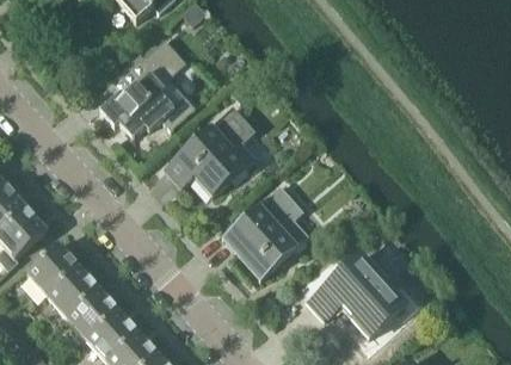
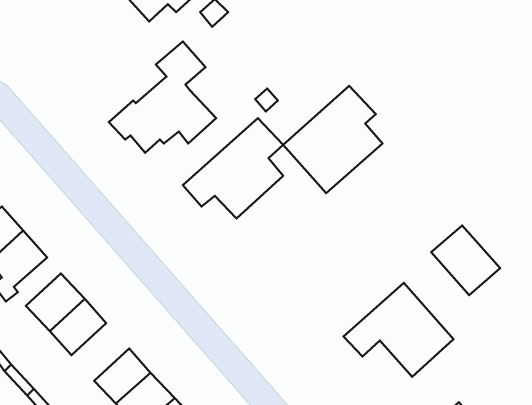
building: [222,184,310,279] -> [283,86,383,193]
building: none -> [431,225,500,295]
building: [66,289,117,340] -> none

